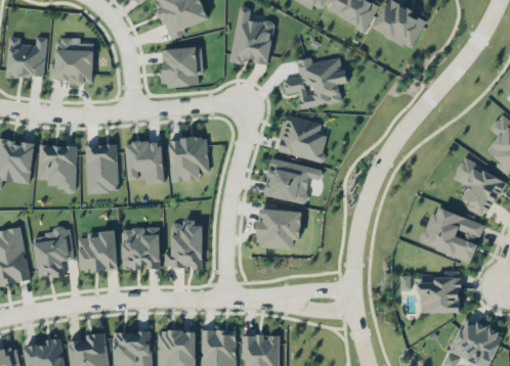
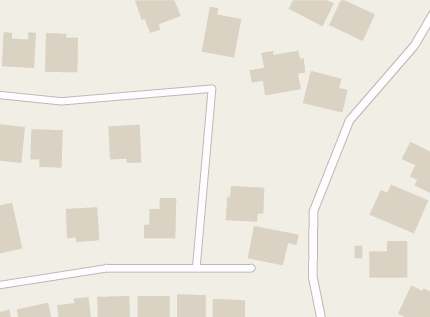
building: [162,45,203,86] -> none
building: [277,113,329,162] -> [302,70,349,113]
building: [168,135,209,181] -> none
building: [85,143,118,192] -> none
building: [263,157,323,202] -> [247,225,300,266]
building: [34,227,73,277] -> none
building: [121,227,160,269] -> none

